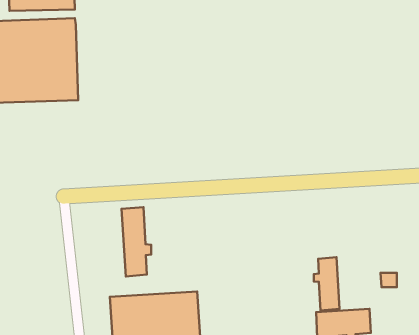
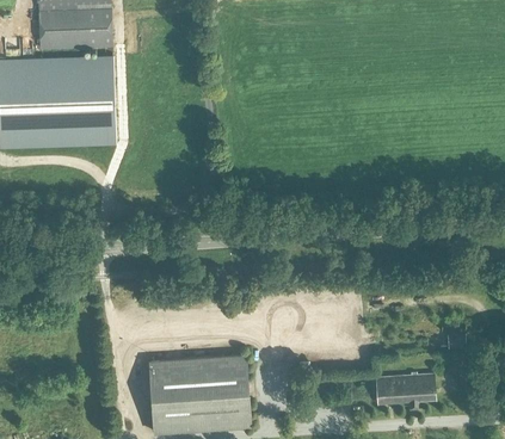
building: [122,207,151,276] -> none
building: [314,257,340,310] -> none

